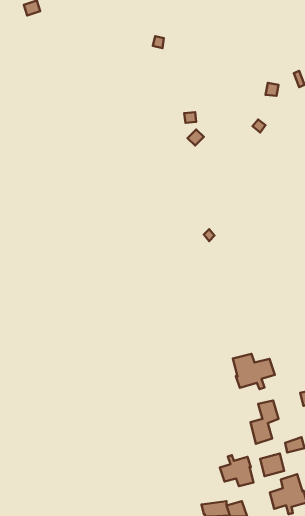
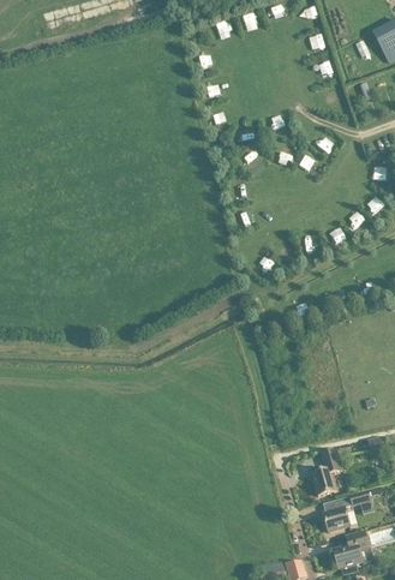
building: [233,354,275,389] -> none
building: [220,455,254,486] -> none

